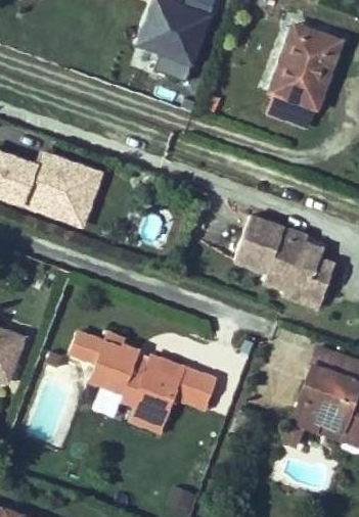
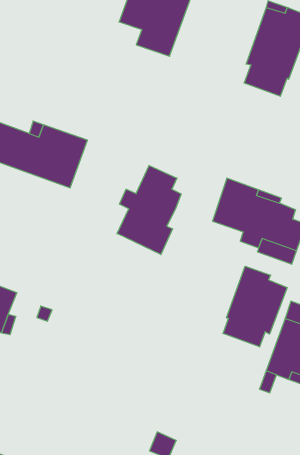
building: none -> [117,165,181,255]
building: none -> [223,266,287,347]
building: [71,328,215,432] -> none

